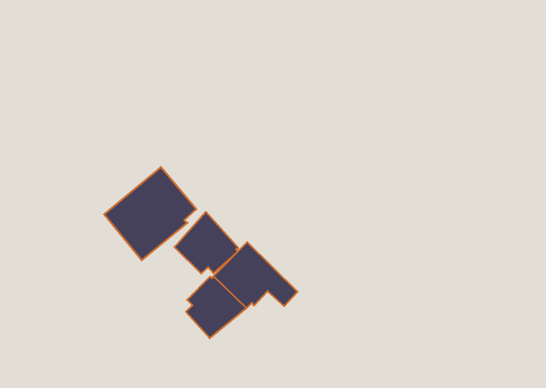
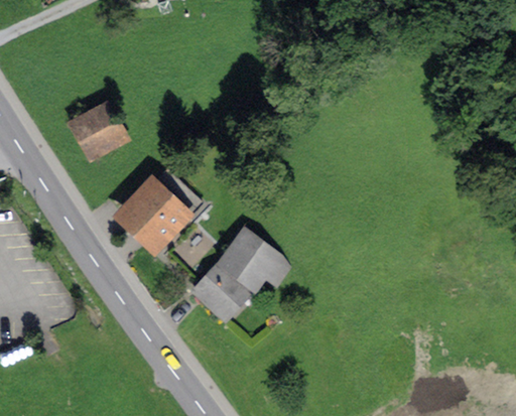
building: none -> [76,108,119,153]
building: [174,212,238,274] -> none

